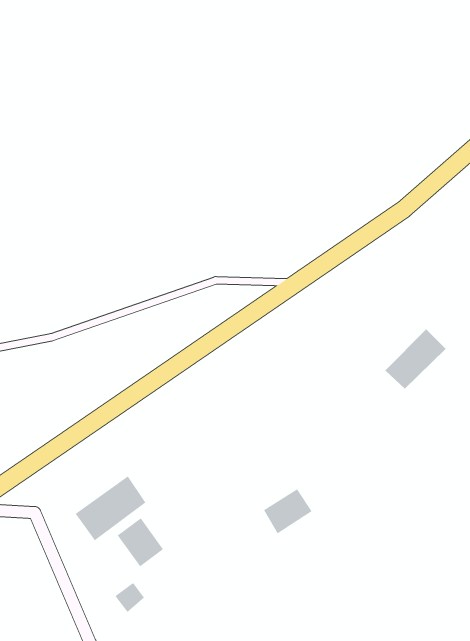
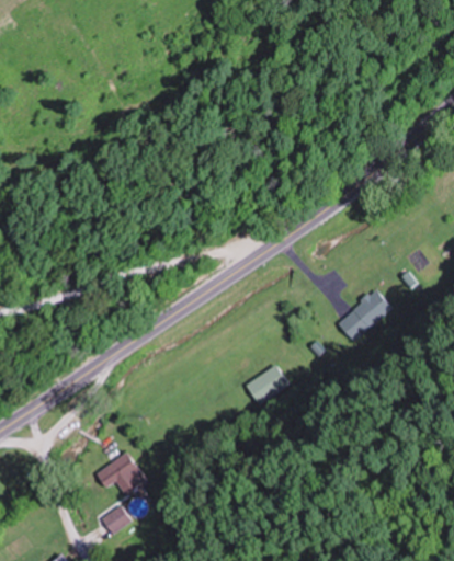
building: [75,475,146,541] -> none
building: [263,488,313,534] -> [246,365,288,404]

